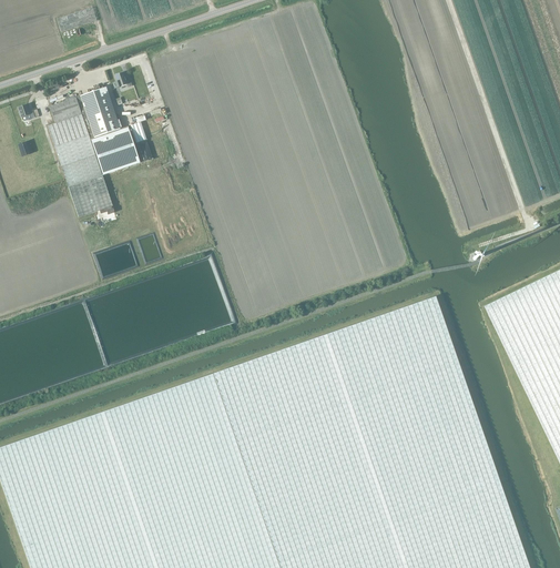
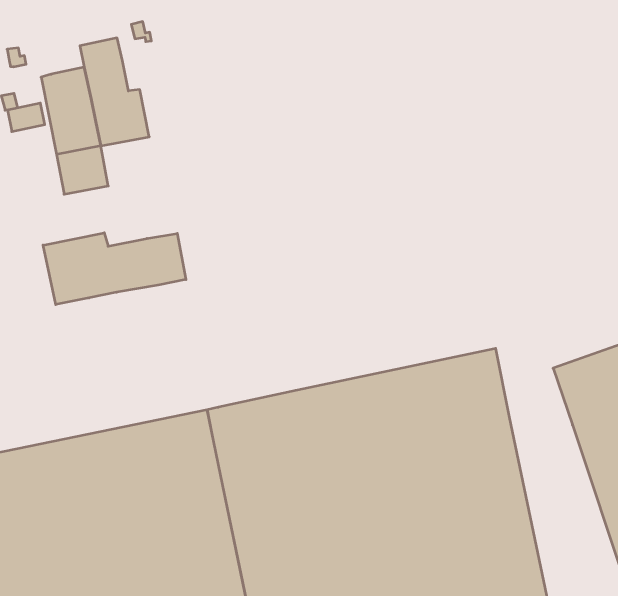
building: [50,98,81,123] -> [8,103,45,132]
building: none -> [43,233,186,305]

